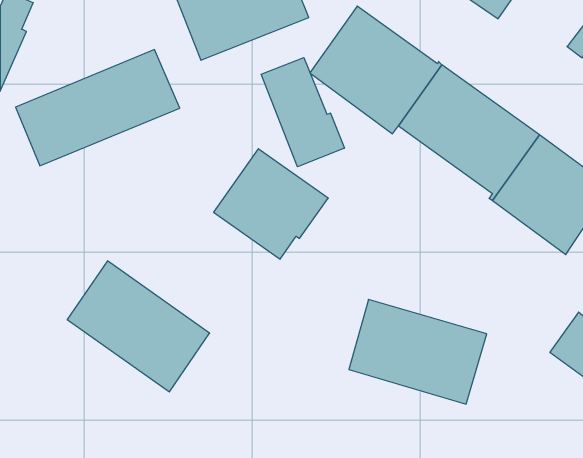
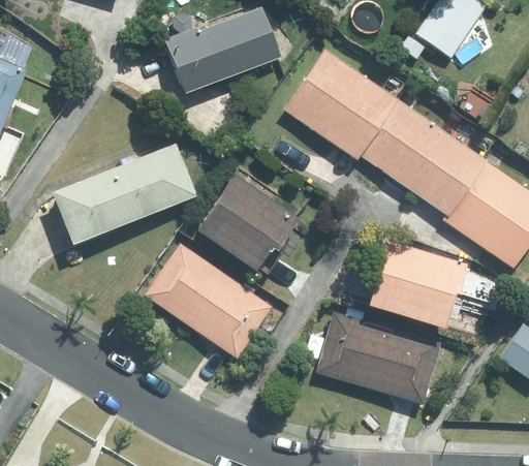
building: [16,50,180,166] -> [51,144,198,248]
building: [261,58,344,167] -> none
building: none -> [367,241,465,335]
building: [67,261,210,392] -> [145,242,273,360]

